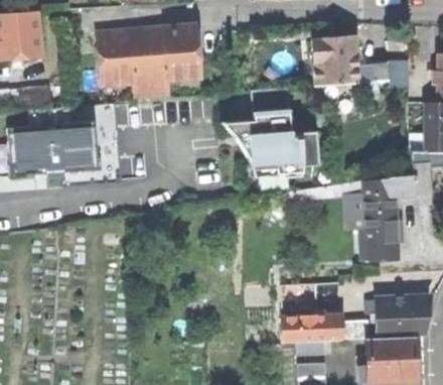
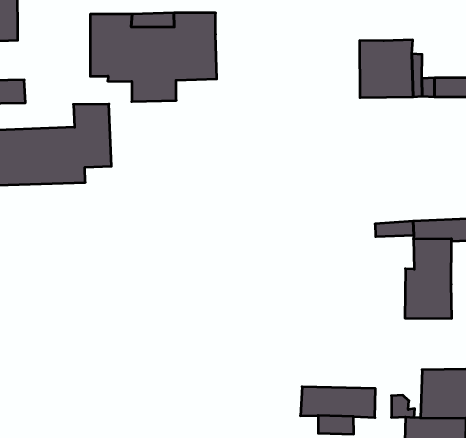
building: [240,88,318,177] -> none

